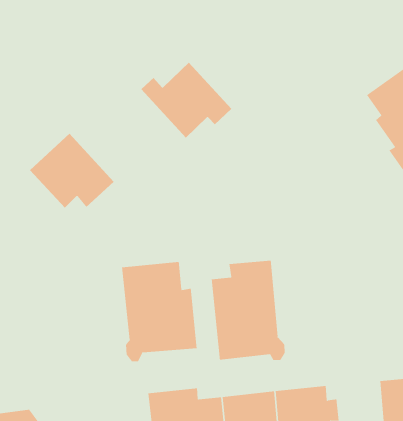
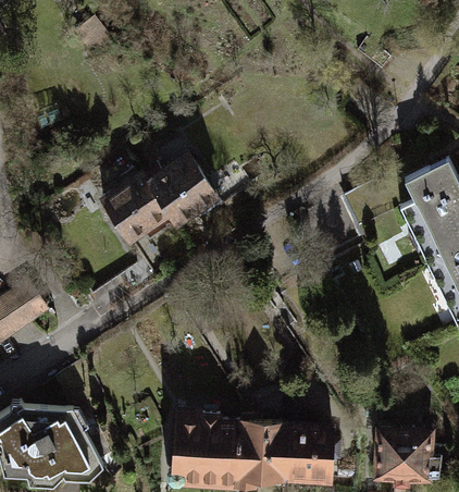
building: [140,62,232,138] -> [141,155,219,221]
building: [211,260,285,361] -> none
building: [122,261,197,362] -> none

